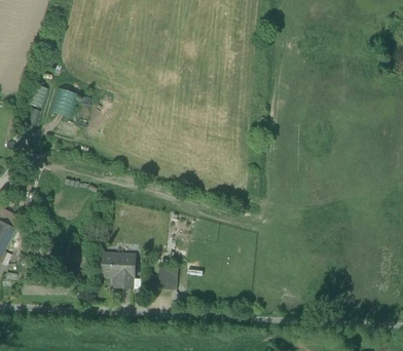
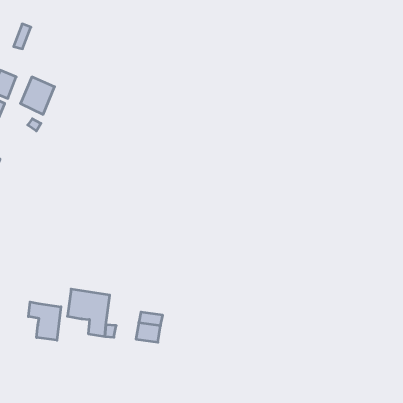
building: none -> [28,302,61,340]

